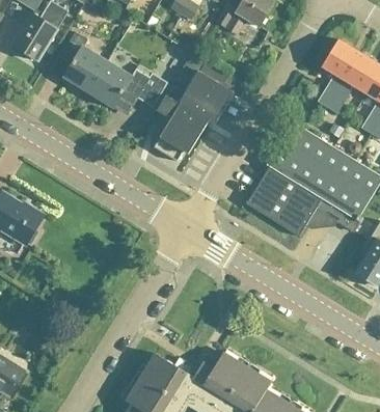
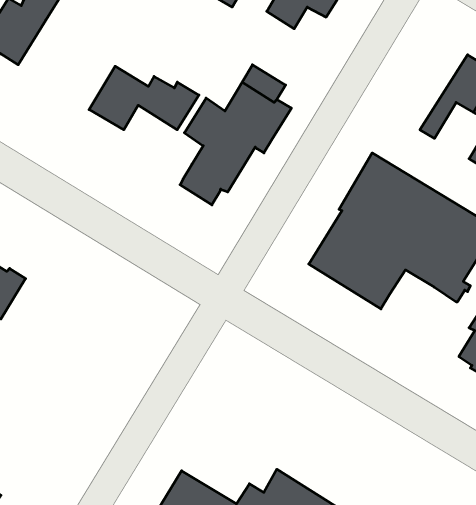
building: [62,31,107,92] -> none
building: [316,39,360,107] -> none

